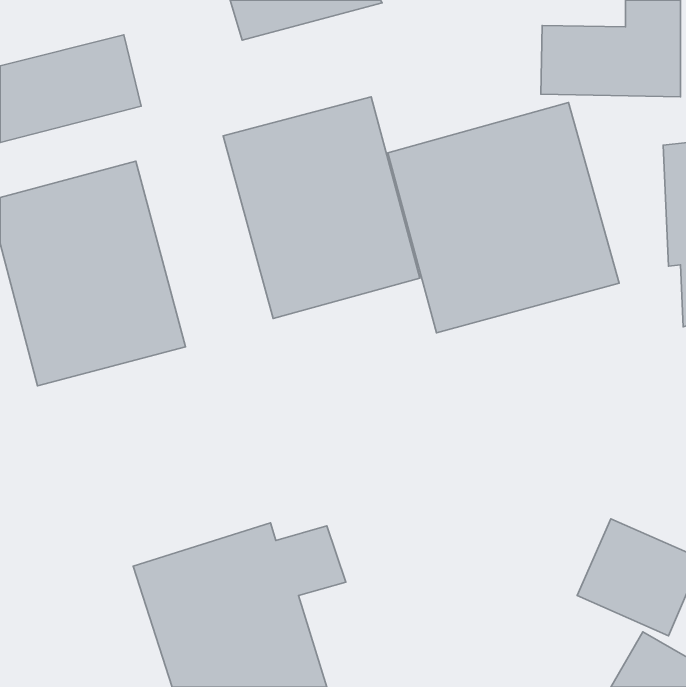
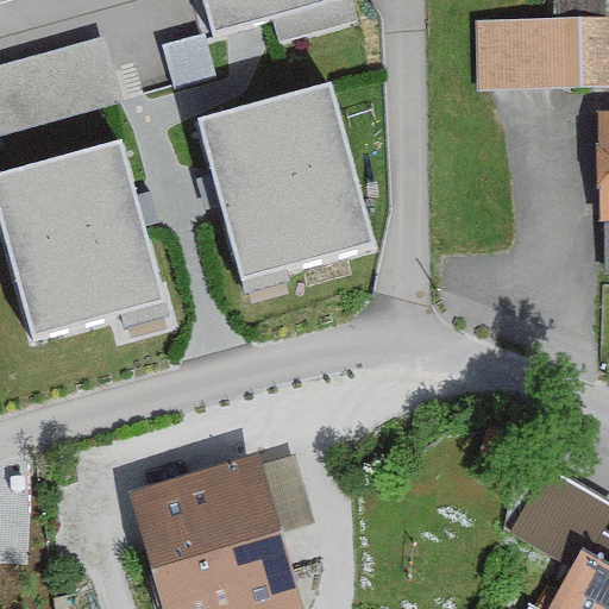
building: [388,103,619,333] -> none

